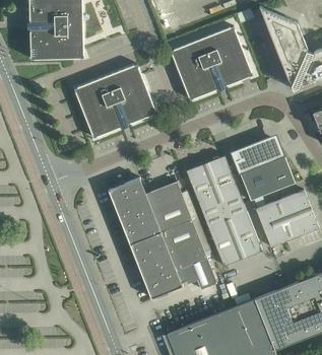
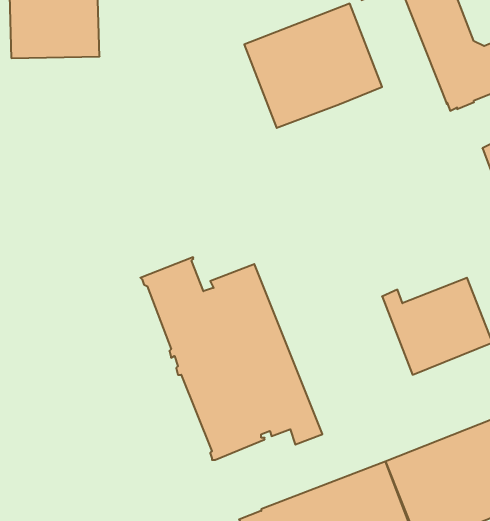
building: [73,64,155,138] -> none
building: [231,139,295,201] -> none
building: [185,155,261,266] -> none

